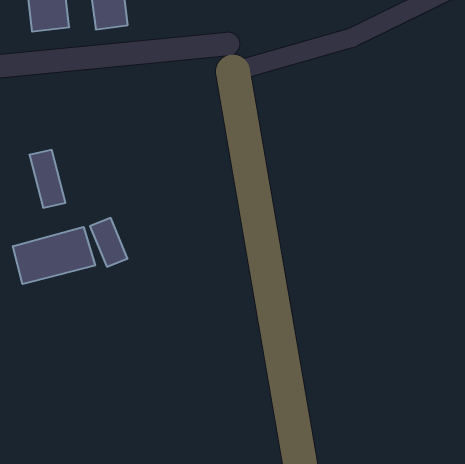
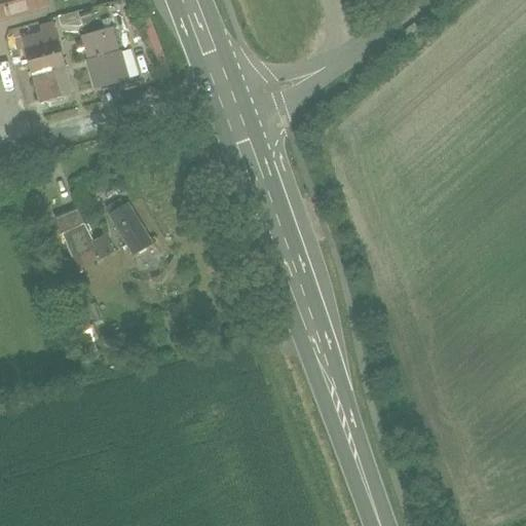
building: [90,218,128,267] -> [108,199,149,247]
building: [13,227,95,284] -> none

